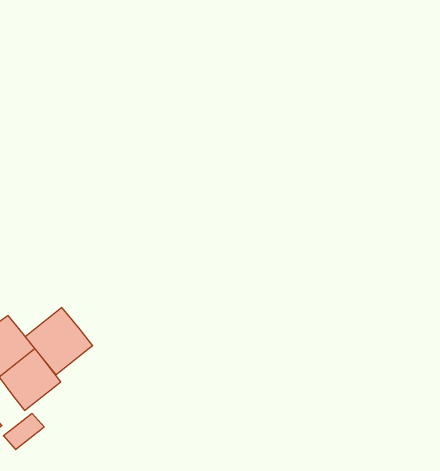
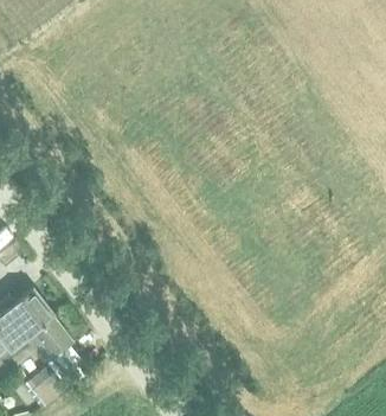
building: [25,307,93,375] -> none

